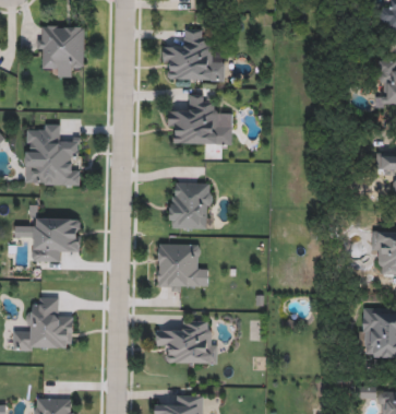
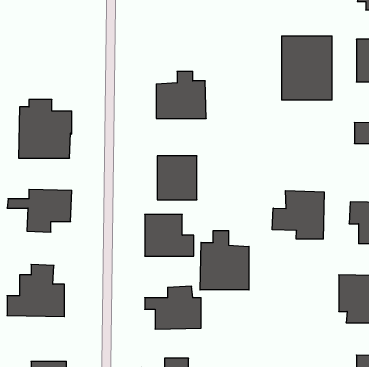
building: [39,25,85,69] -> none
building: [164,29,224,81] -> none
building: none -> [282,36,332,100]
building: none -> [272,191,324,239]
building: none -> [200,231,249,290]

